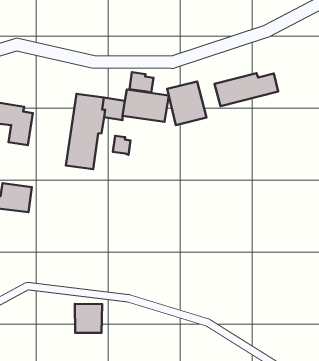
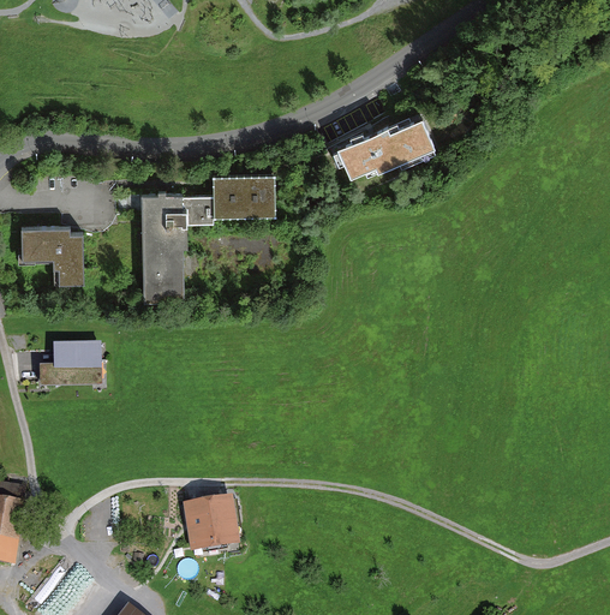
building: [129,72,153,93] -> none
building: [167,82,207,125] -> none
building: [113,136,131,155] -> none

